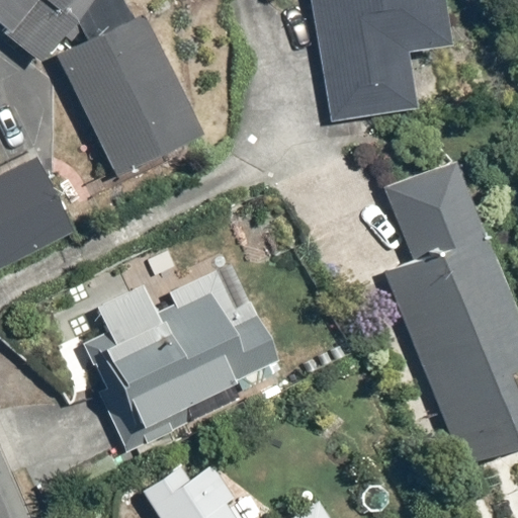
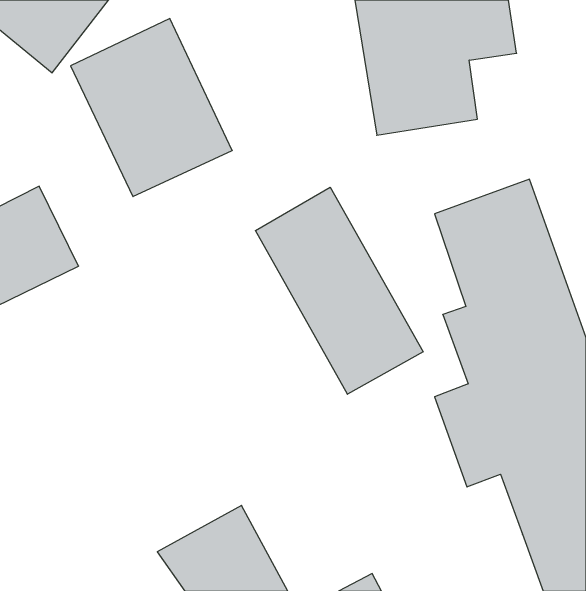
building: none -> [255,187,423,394]
building: [98,288,282,434] -> none

